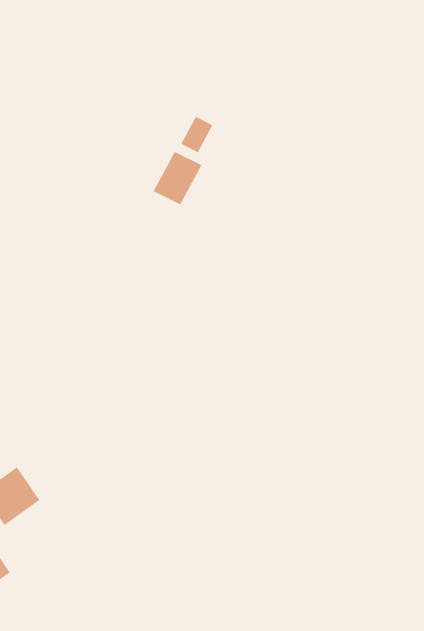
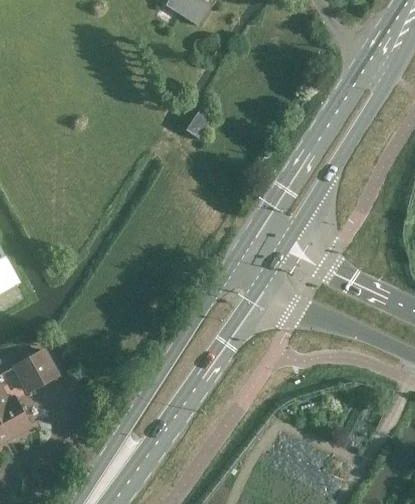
building: [153,151,202,205] -> none

